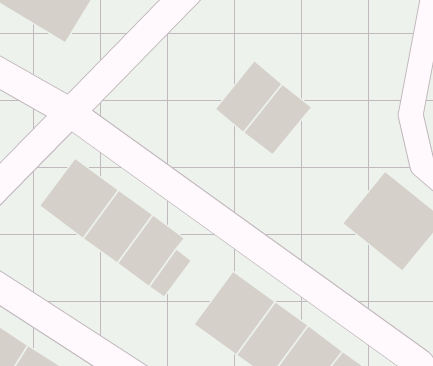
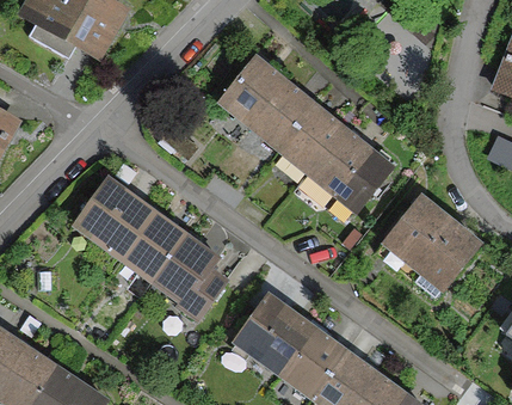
building: none -> [218,53,290,127]
building: none -> [309,125,397,214]

